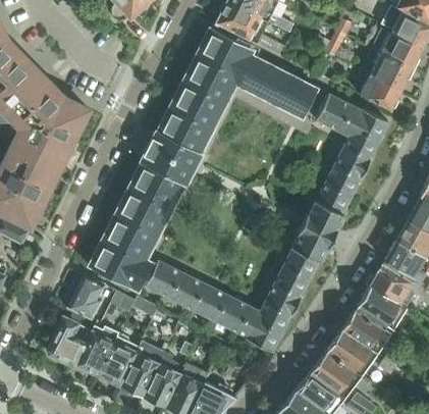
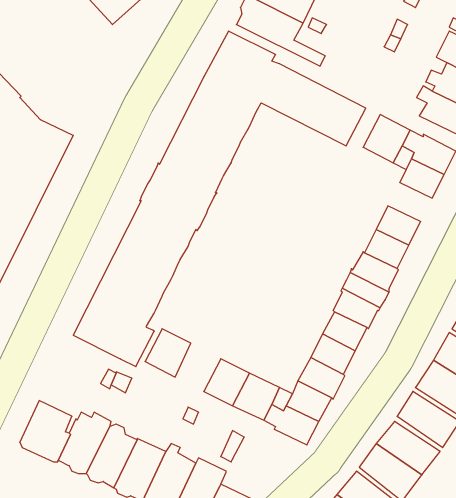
building: [335,146,371,177] -> none
building: [169,271,205,309] -> none
building: [68,274,105,318] -> none

